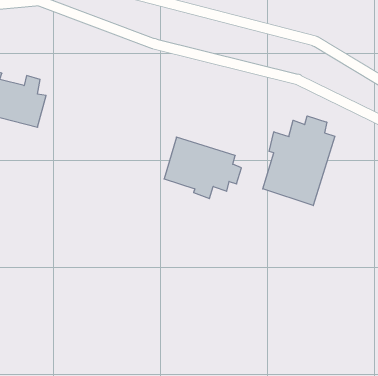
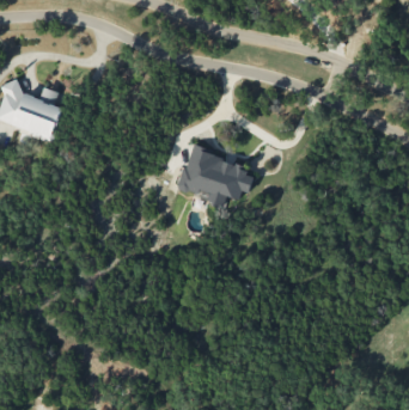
building: [263,116,335,206] -> none

